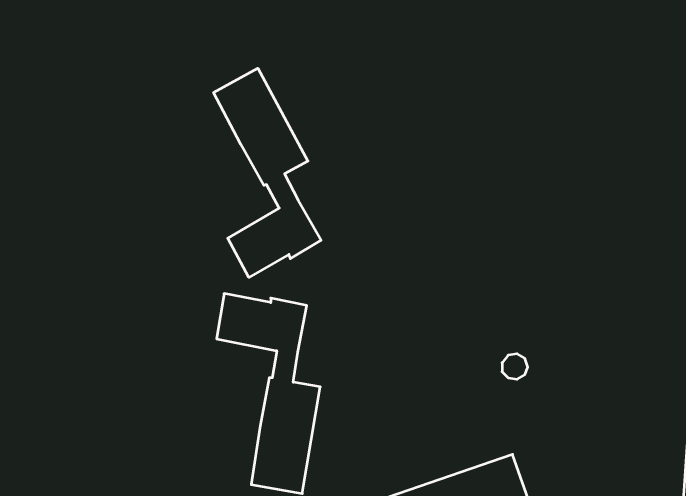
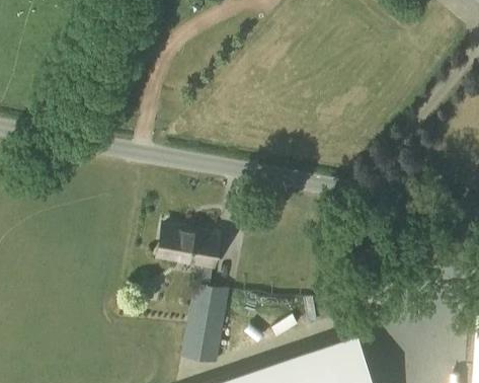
building: [214,68,321,277] -> none

